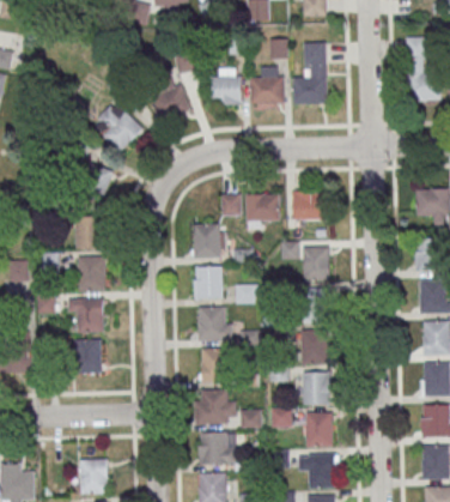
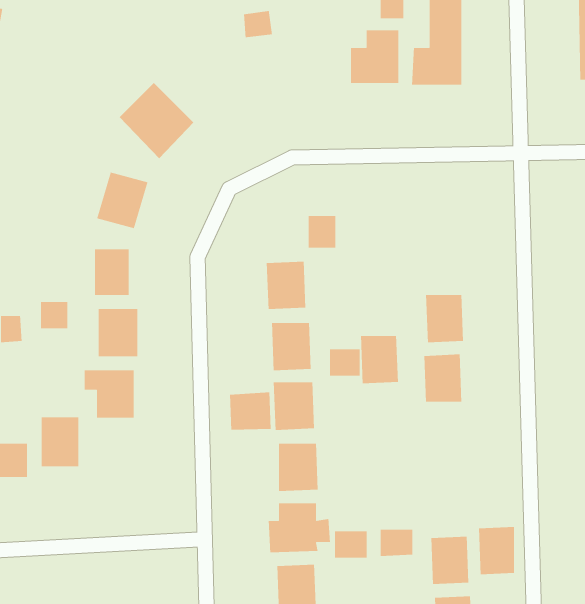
building: [209,73,243,104] -> none
building: [151,85,189,120] -> none
building: [292,192,323,220] -> none
building: [245,193,280,220] -> none
building: none -> [229,392,271,431]
building: [302,329,328,363] -> [360,335,399,384]
building: [74,339,101,374] -> [41,416,79,467]
building: [303,371,328,405] -> [478,526,515,575]

